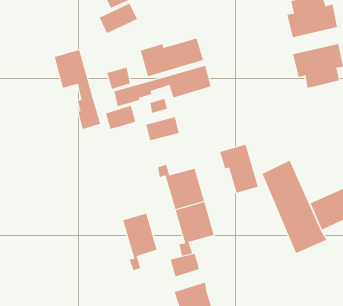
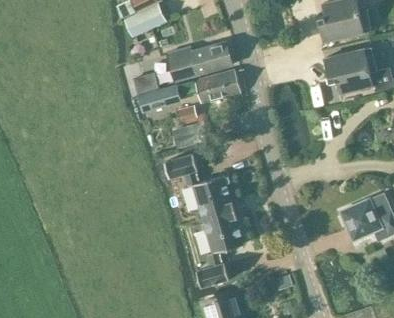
building: [54,49,101,130] -> none
building: [105,105,136,130] -> [166,154,198,179]
building: [220,144,259,193] -> none
building: [262,160,327,254] -> none
building: [122,213,157,271] -> none

